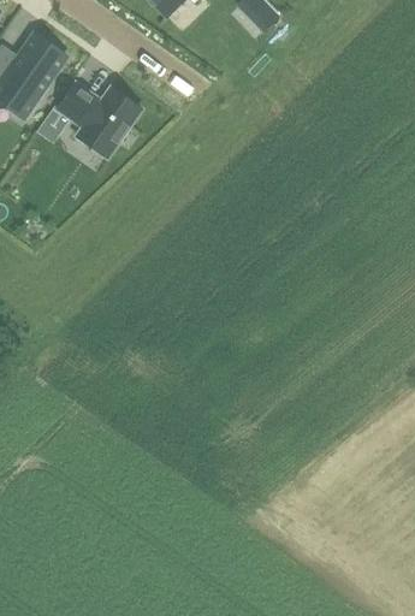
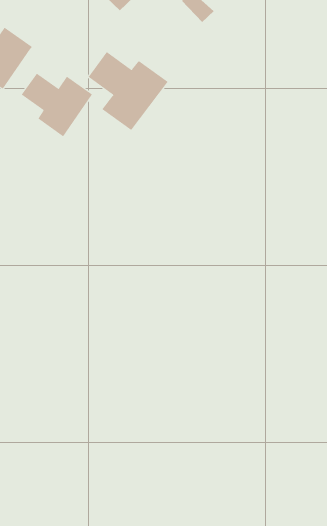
building: none -> [88,51,169,131]

